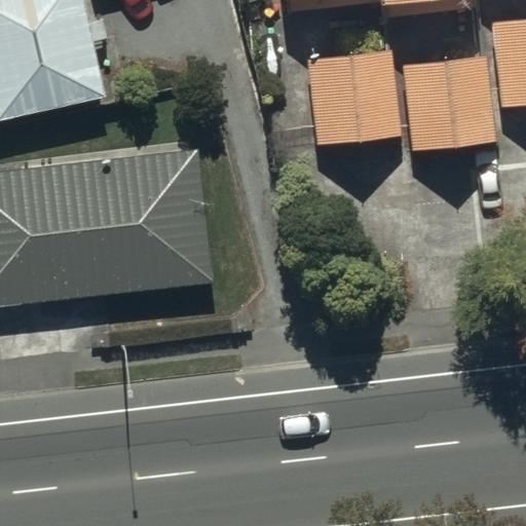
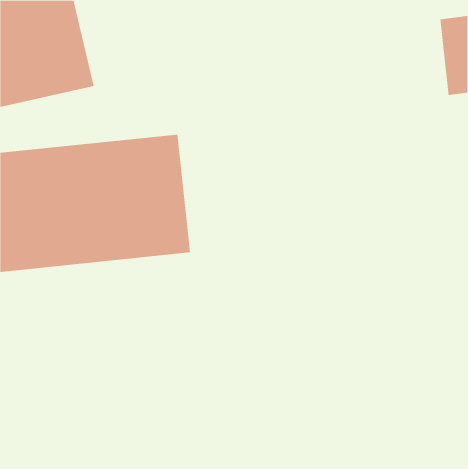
building: [307,51,402,145] -> none
building: [403,57,495,151] -> none

